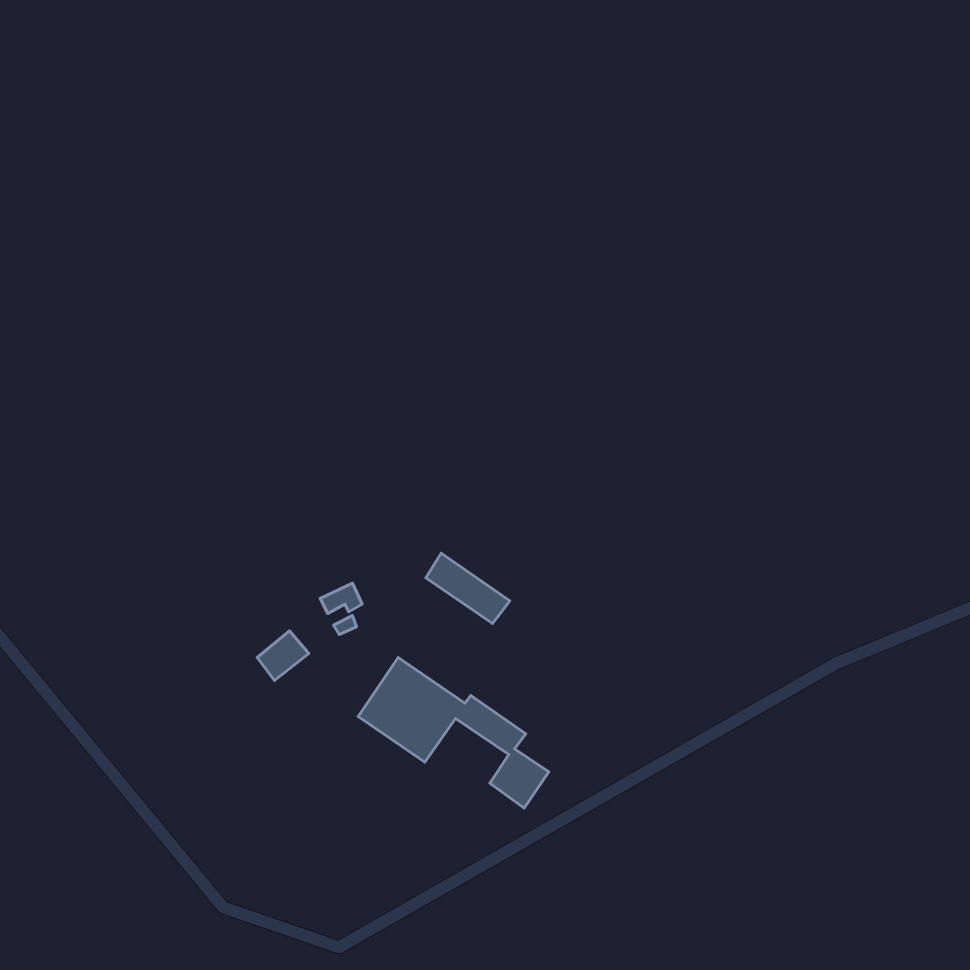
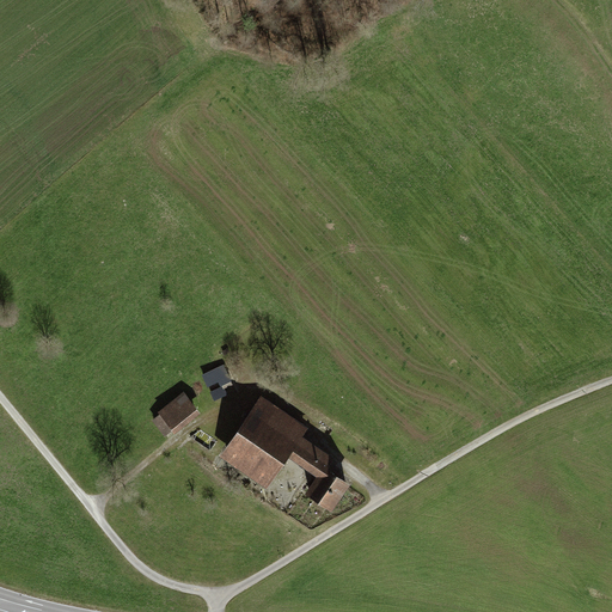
building: [426,553,510,624] -> [250,399,302,443]

